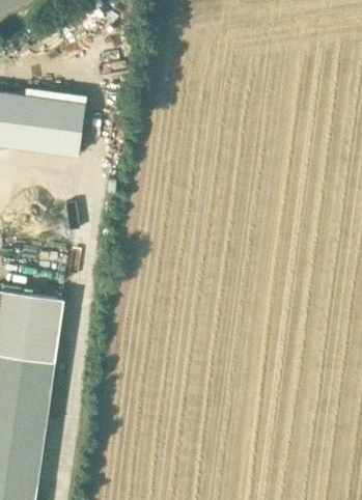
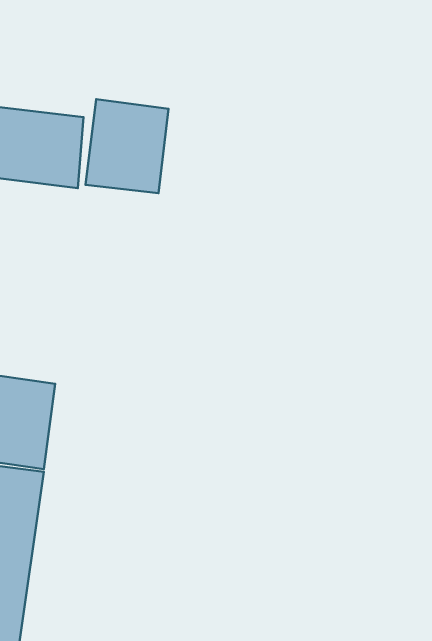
building: none -> [86,99,169,193]

